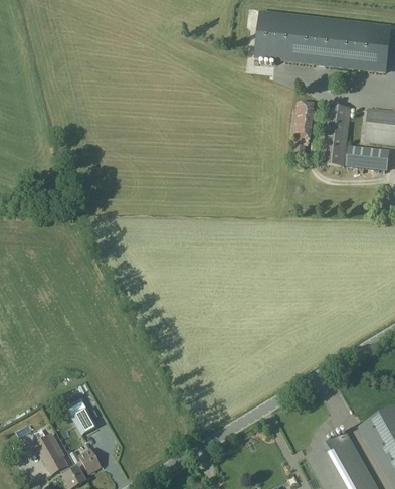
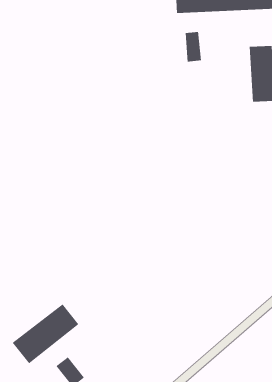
building: [290,107,309,139] -> [185,32,202,62]
building: none -> [12,304,79,364]

